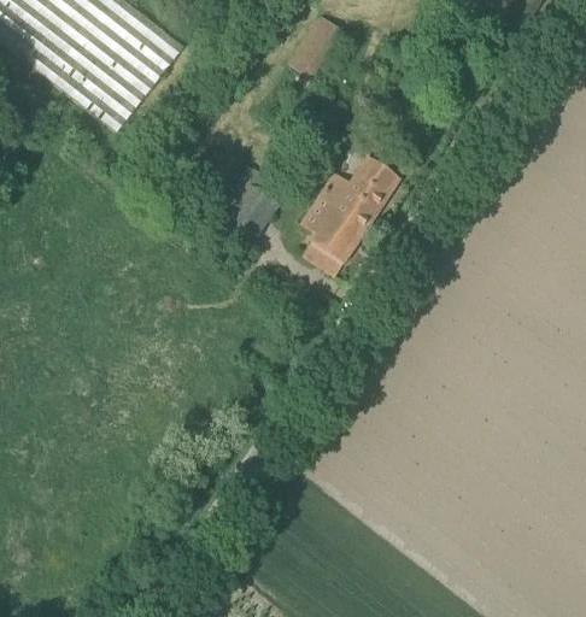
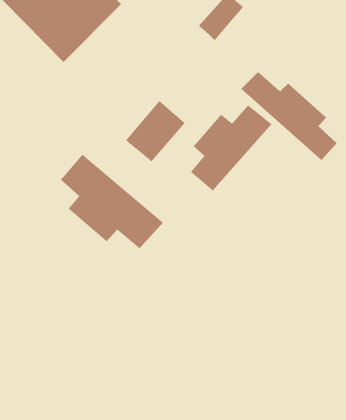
building: none -> [240,71,338,161]
building: none -> [60,154,164,249]

